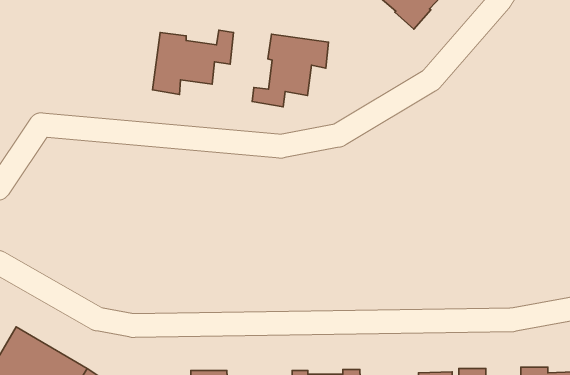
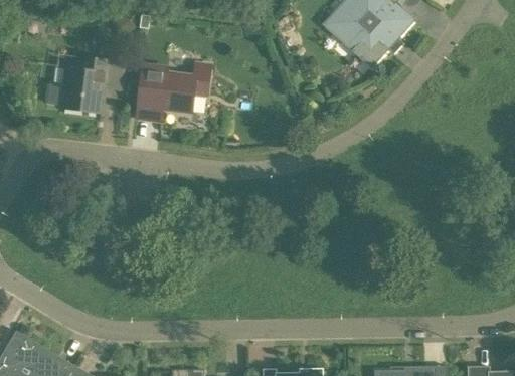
building: none -> [61,56,124,113]
building: [252,34,329,107] -> none

